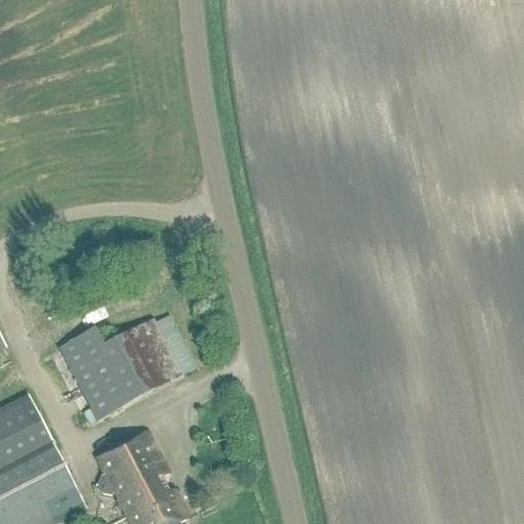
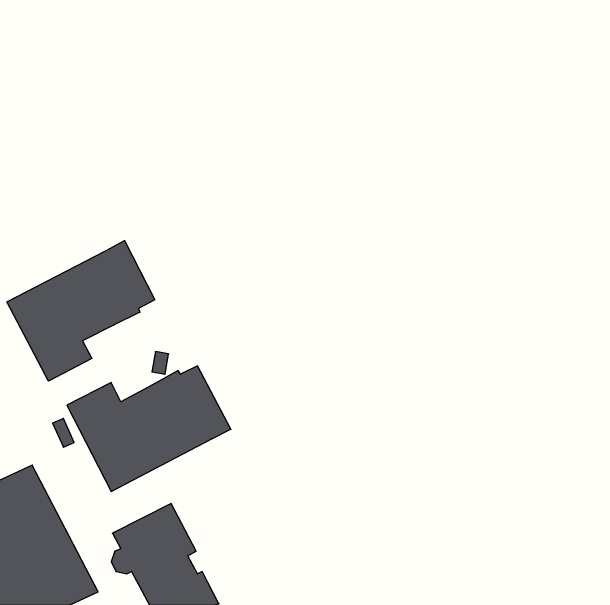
building: none -> [7,241,155,381]

